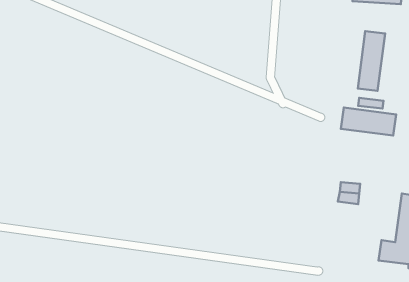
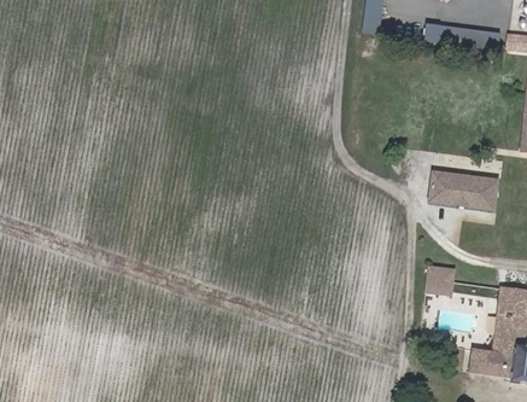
building: [358,31,385,91] -> none

